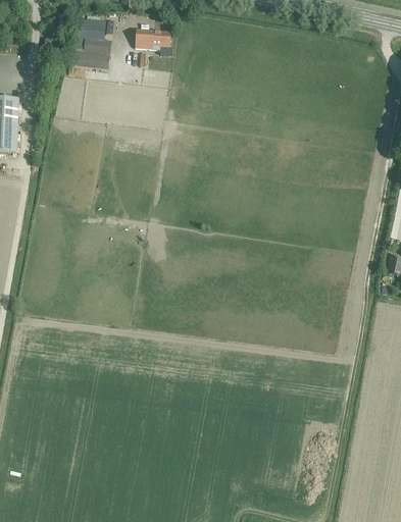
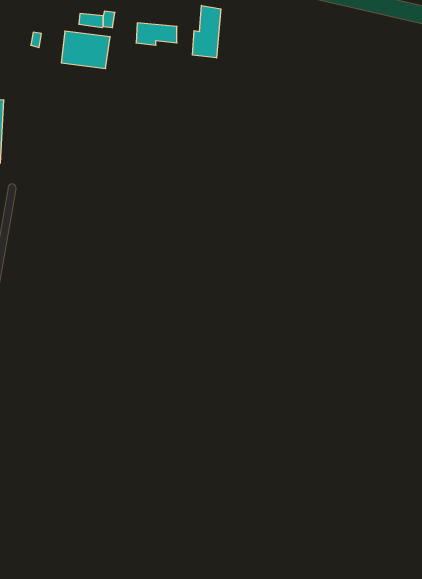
building: none -> [193,5,221,58]

